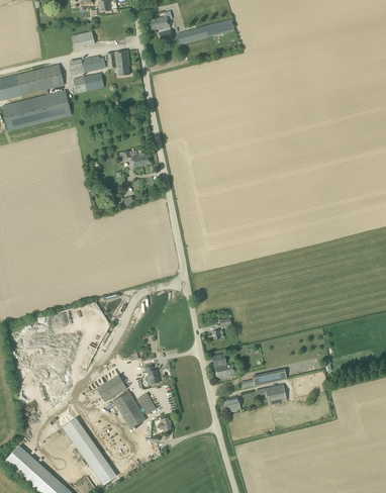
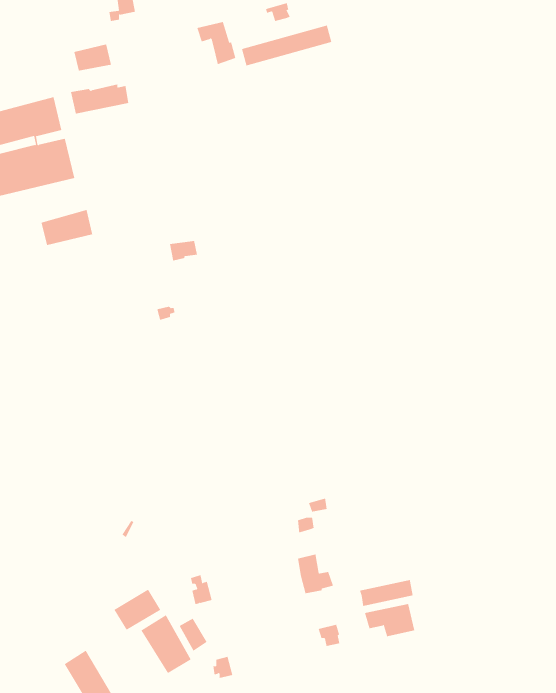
building: [105,51,128,76] -> none
building: [72,72,103,93] -> none
building: none -> [41,209,93,246]

